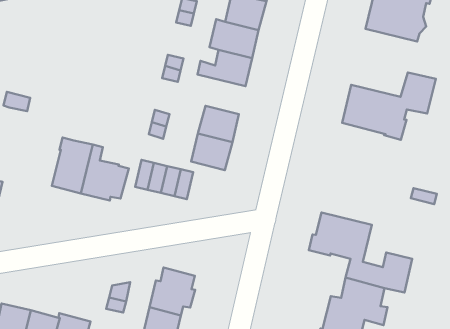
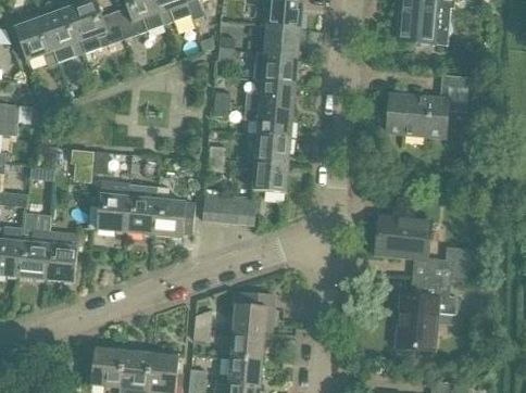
building: none -> [245,106,292,138]
building: none -> [87,181,128,231]

